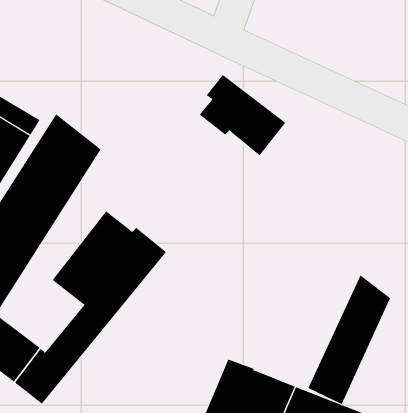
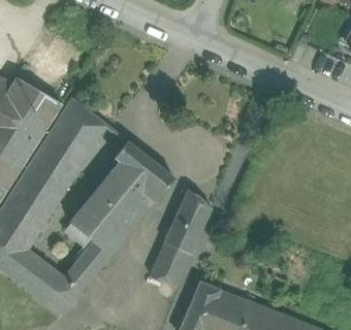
building: [199,74,286,156] -> [109,141,174,202]
building: [308,274,391,405] -> [150,189,212,286]

